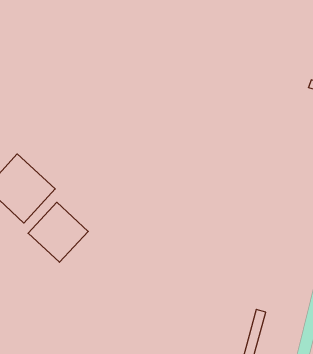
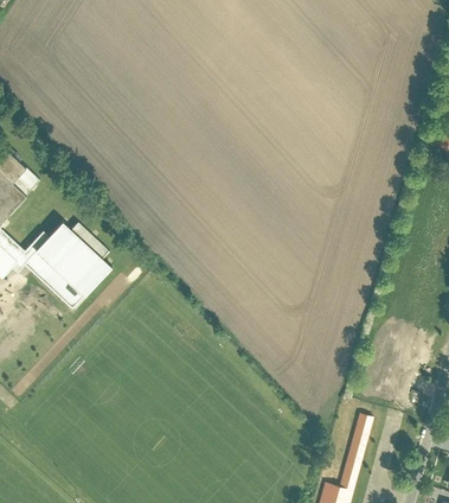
building: [28,202,88,262] -> none

